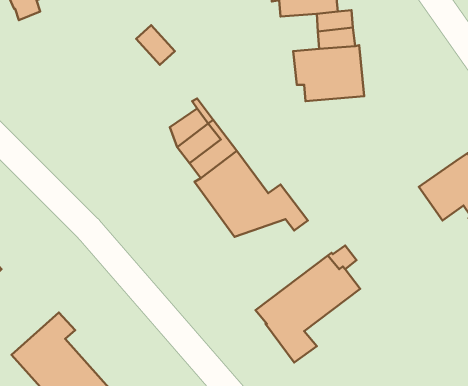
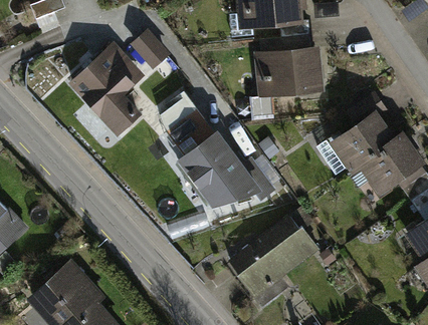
building: none -> [72,46,138,133]
building: none -> [317,95,392,174]

